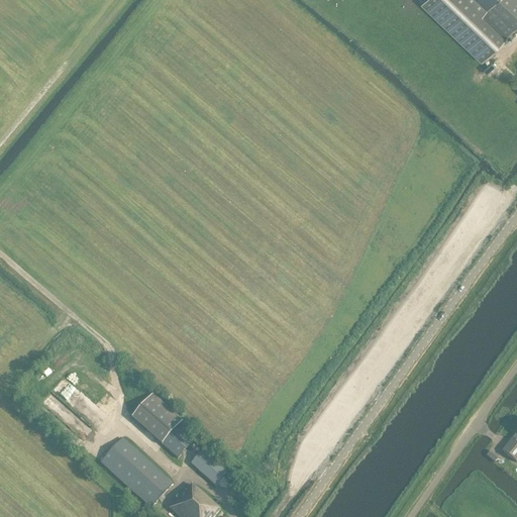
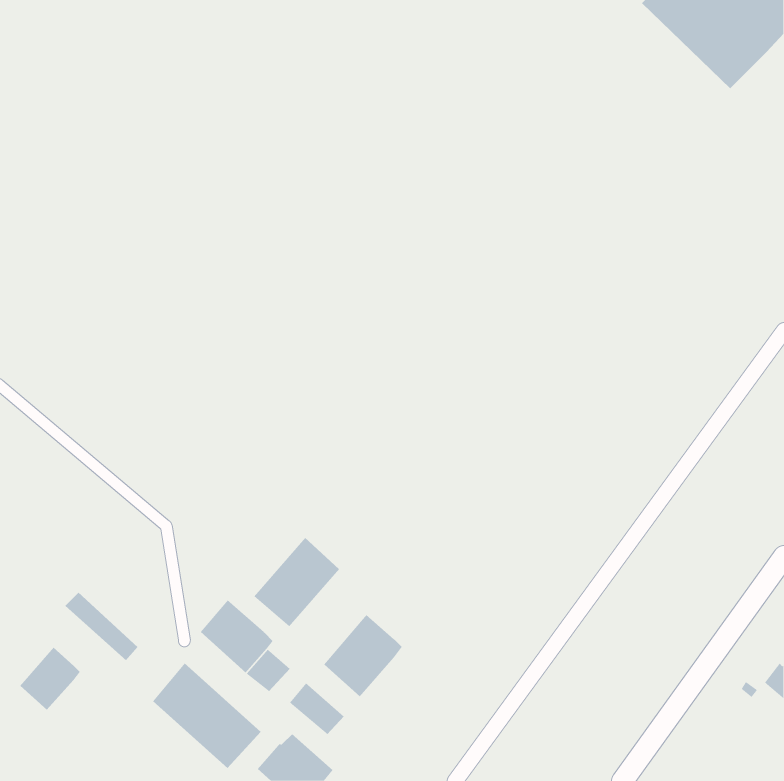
building: none -> [253,537,340,627]
building: none -> [324,614,403,697]
building: none -> [20,647,81,711]

